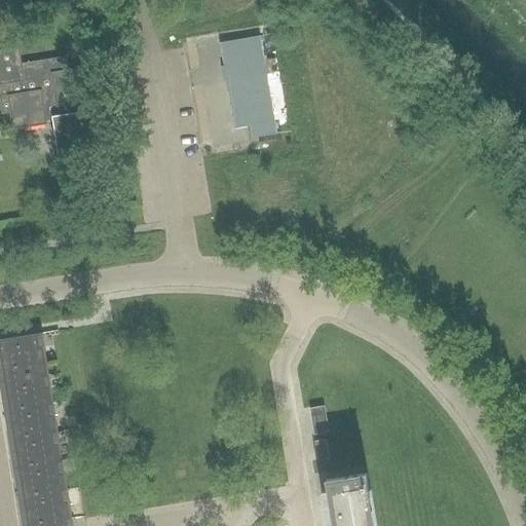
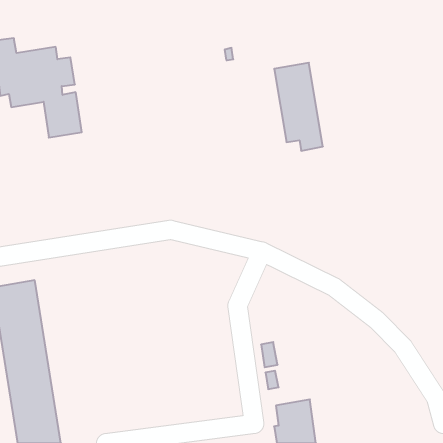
building: [218,34,275,138] -> [274,63,323,151]

